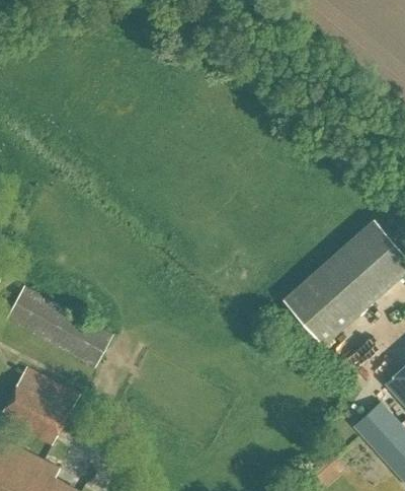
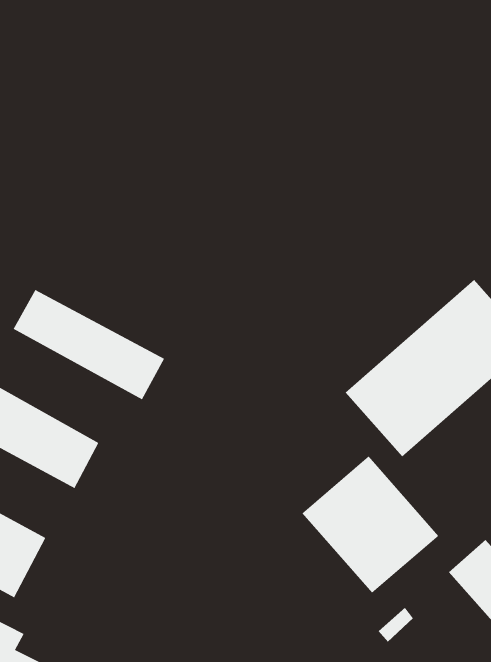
building: none -> [13,289,165,400]
building: none -> [302,456,439,594]

